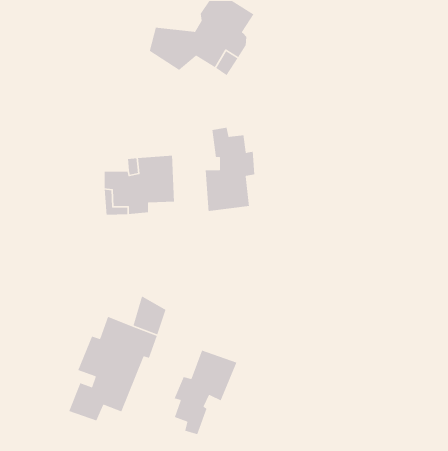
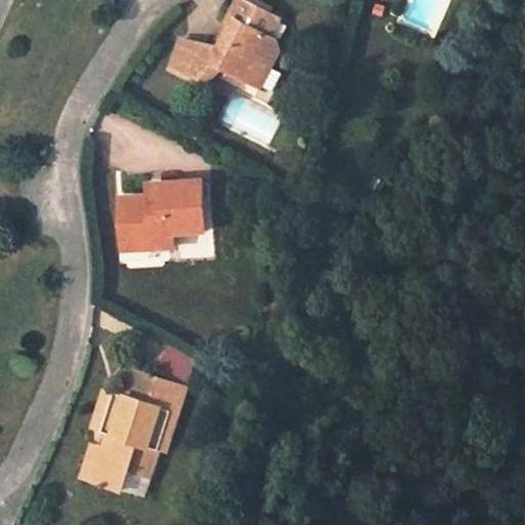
building: [205,127,255,212] -> none
building: [174,350,237,435] -> none

